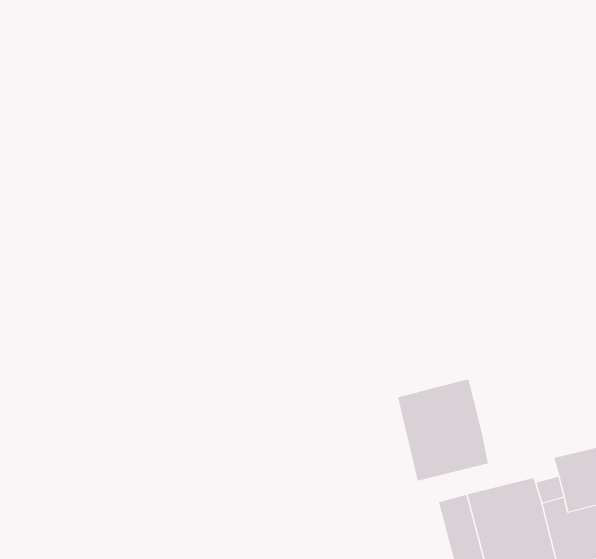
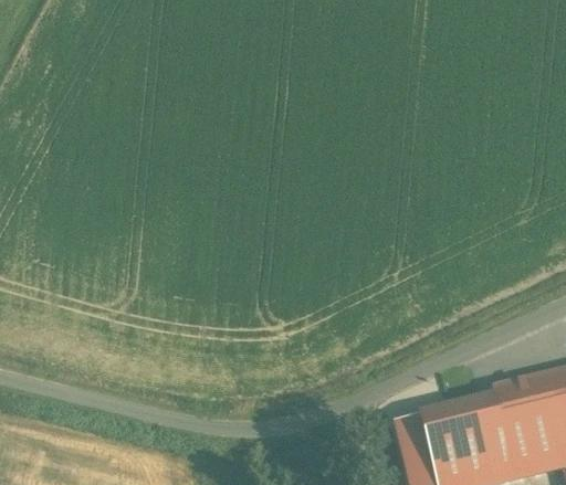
building: [398,379,489,481] -> none

